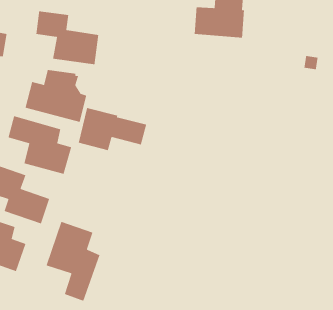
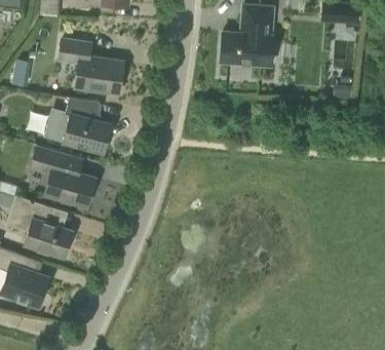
building: [78,107,147,151] -> none
building: [45,221,101,302] -> none

